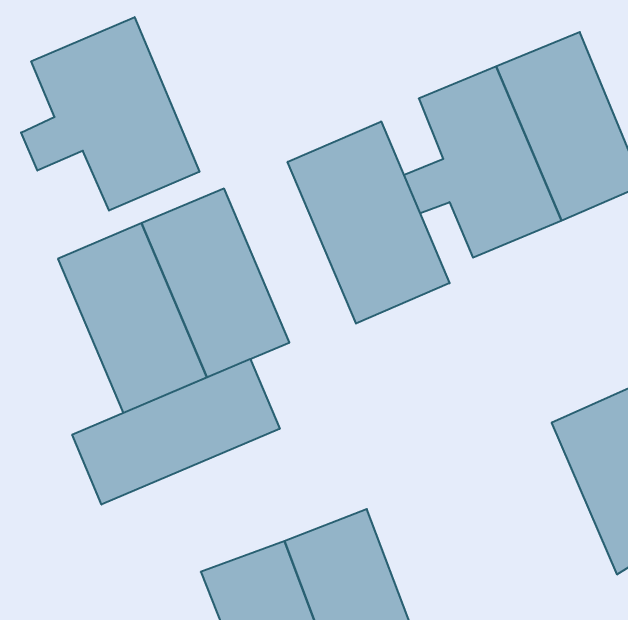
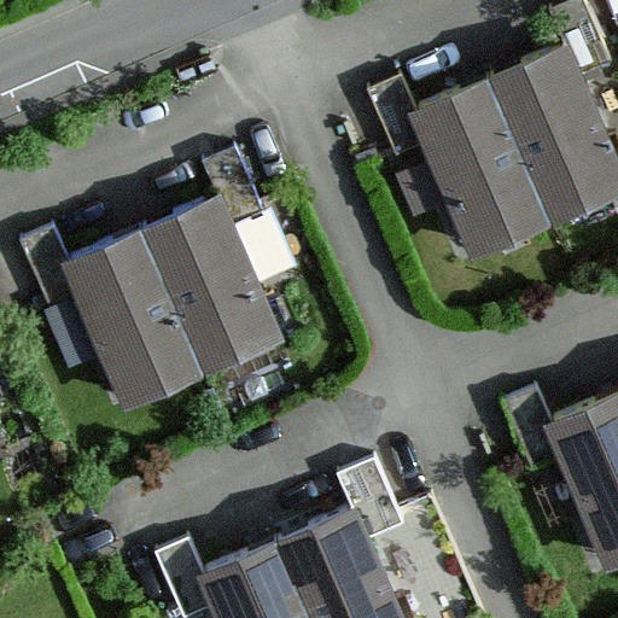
building: [21,17,199,211] -> none
building: [288,121,450,324] -> none
building: [72,359,280,505] -> none

